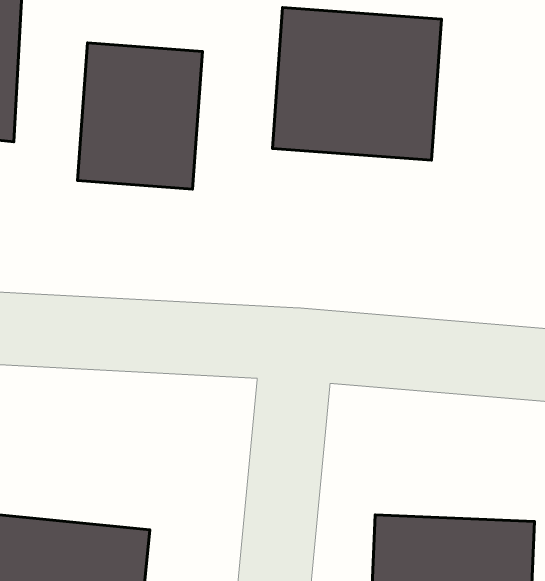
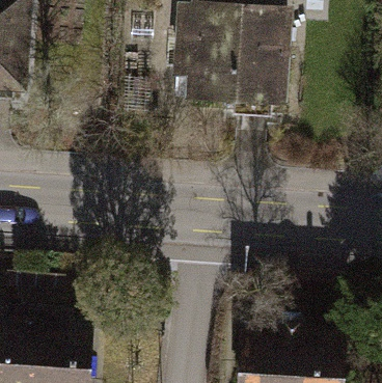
building: [77,43,202,189] -> none

